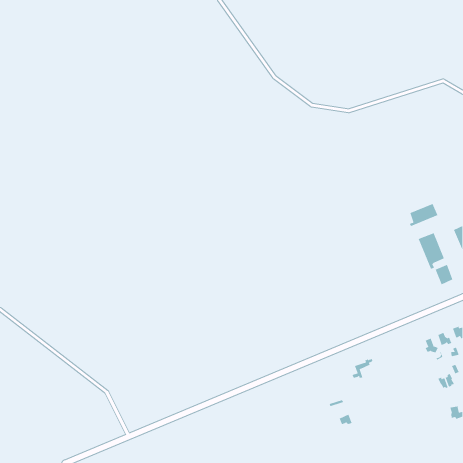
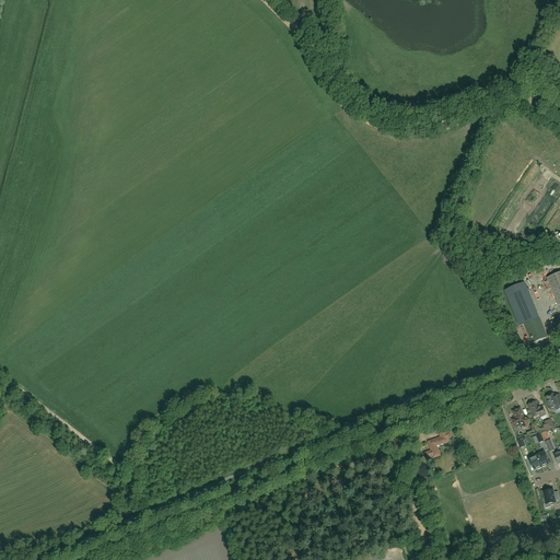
building: [409,203,438,227] -> none

